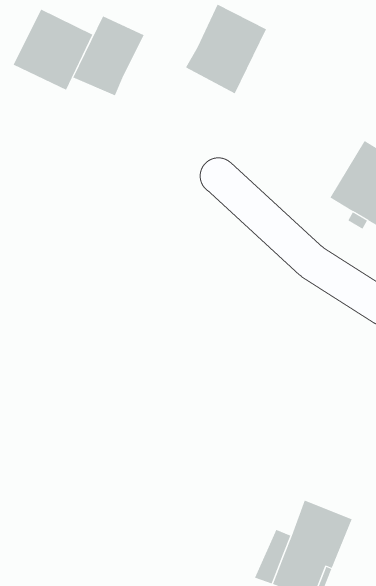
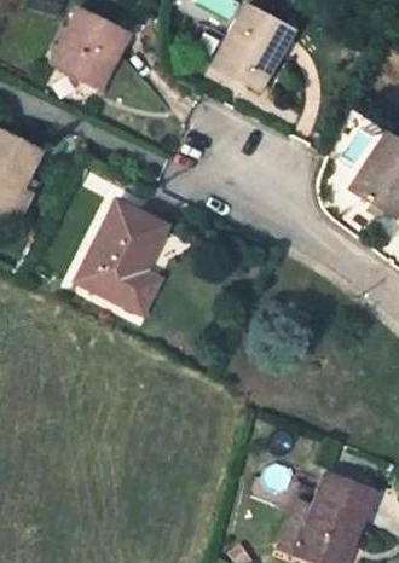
building: [73,16,145,96] -> none
building: none -> [76,202,166,306]

